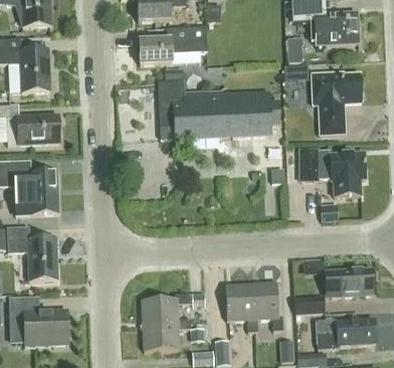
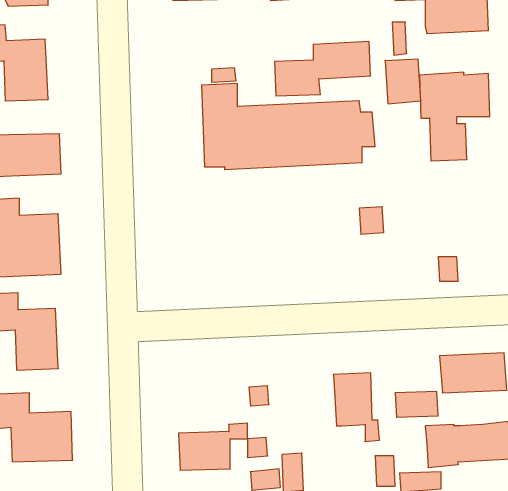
building: [139,26,206,64] -> [275,41,371,96]
building: [298,148,365,195] -> none
building: [225,284,257,332] -> none
building: [141,294,189,325] -> none

